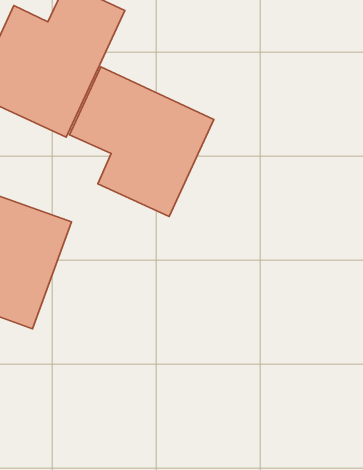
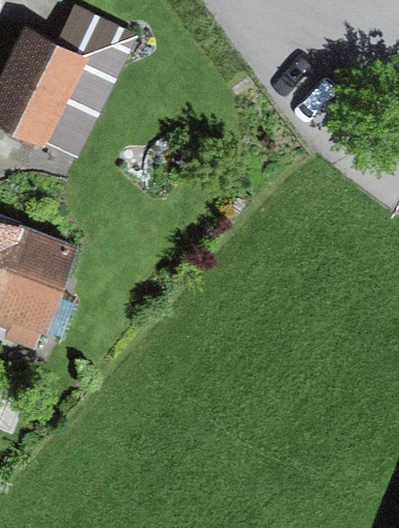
building: [70,67,214,216] -> none

